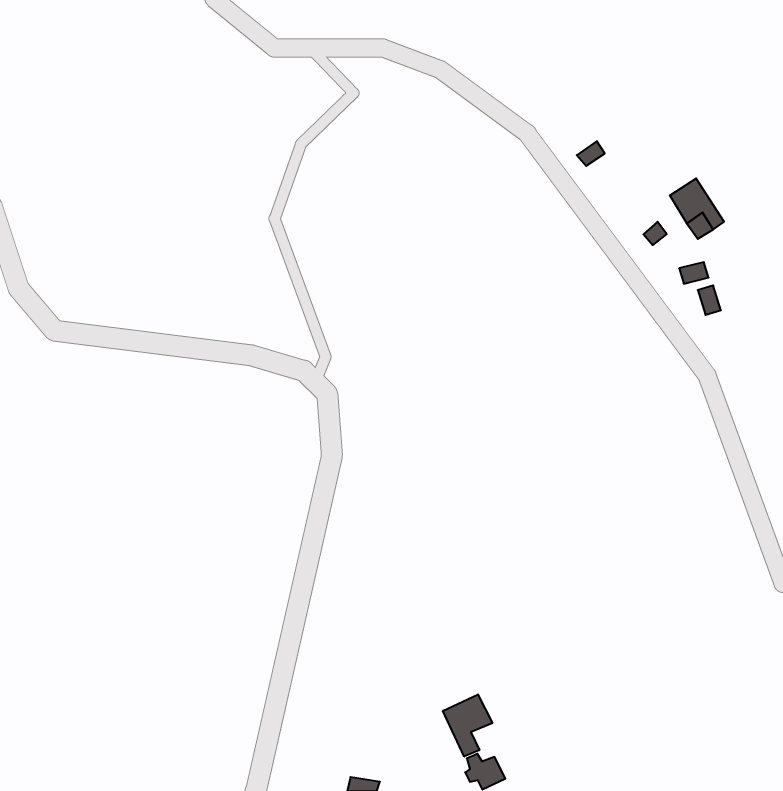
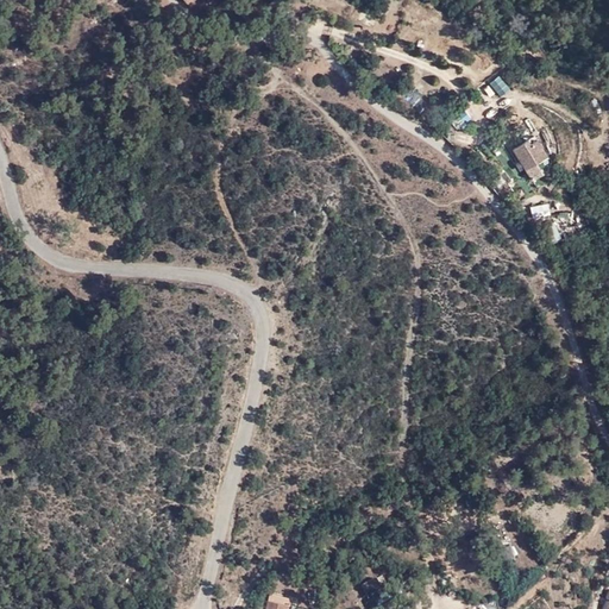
building: [443,694,492,757] -> none

